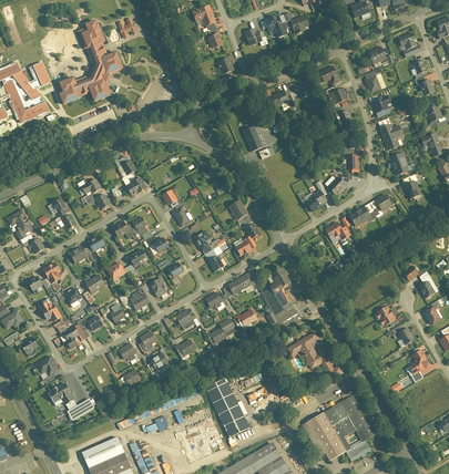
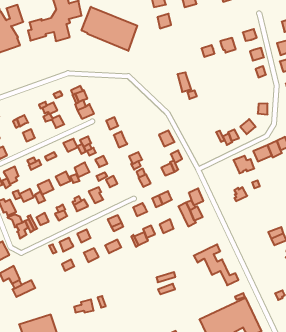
building: none -> [82,7,137,51]
building: [204,379,249,439] -> none

